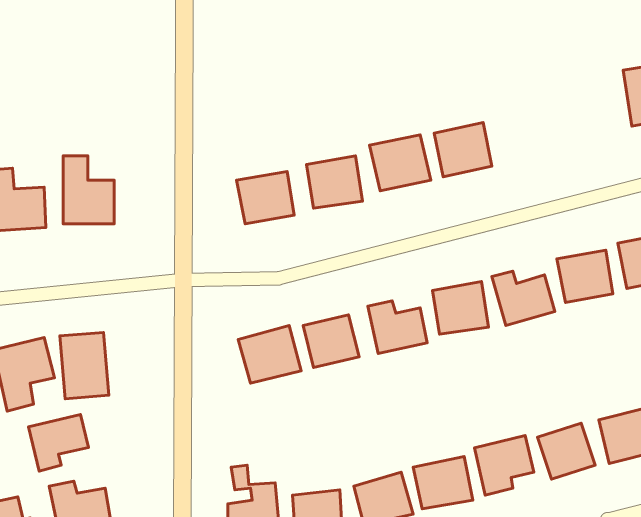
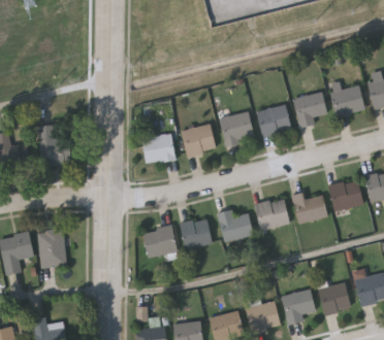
building: none -> [328,81,365,117]
building: none -> [293,93,327,128]
building: [28,414,89,471] -> none

